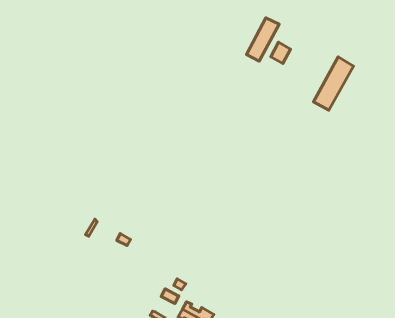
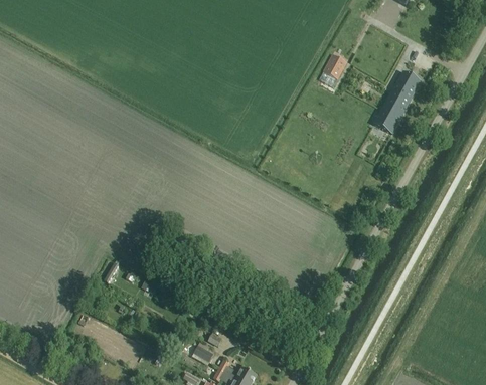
building: [246,18,279,61] -> none

